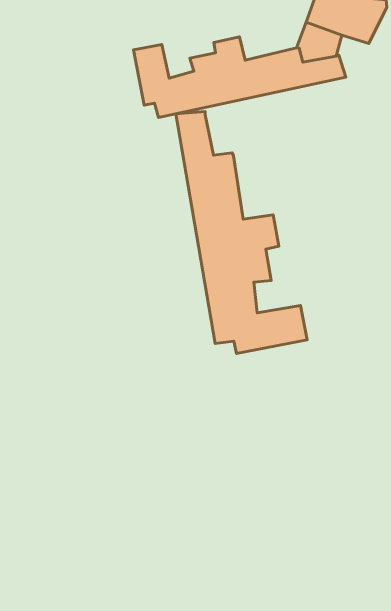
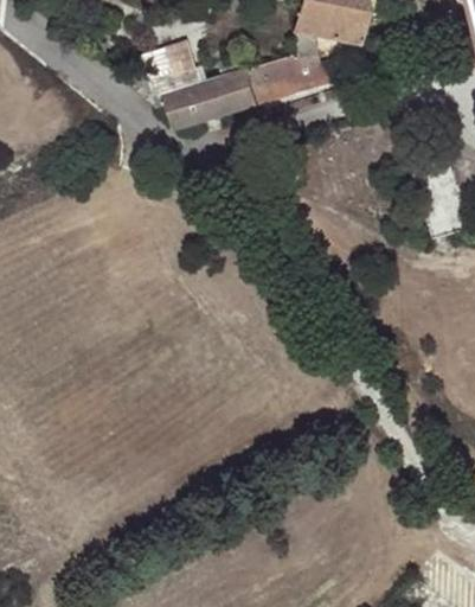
building: [176,111,307,354] -> none

